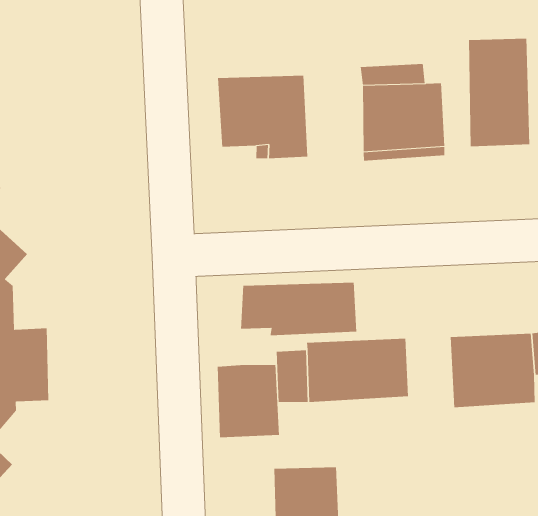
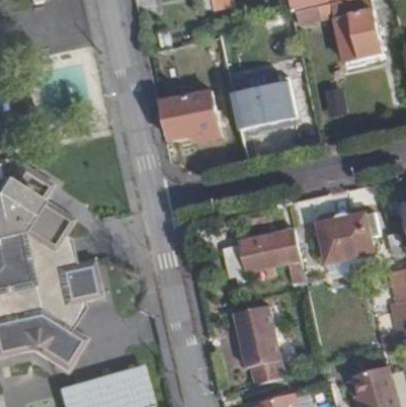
building: [469,38,530,147] -> none
building: [240,282,357,336] -> none
building: [217,364,279,438] -> none

